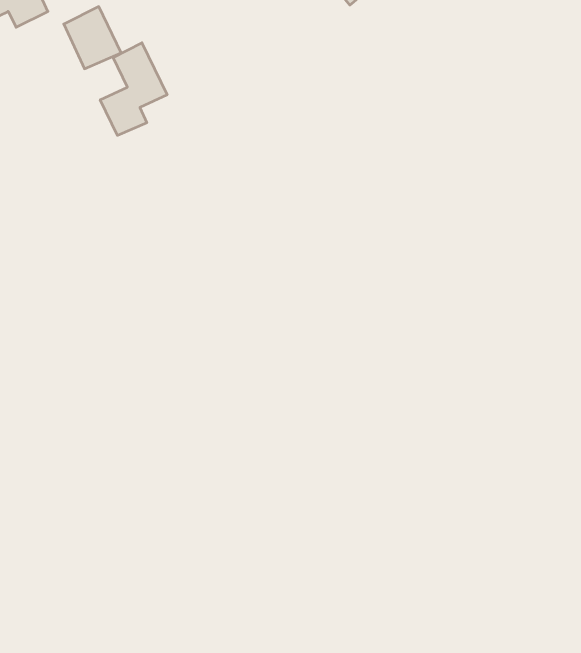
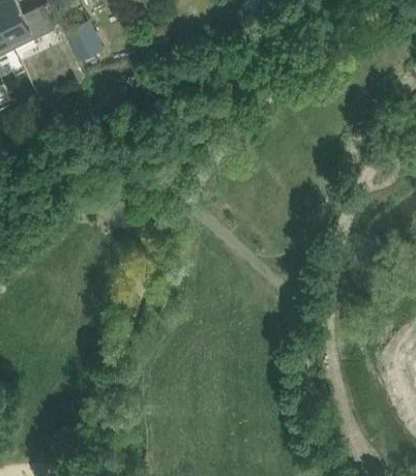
building: [100,43,167,135] -> none

